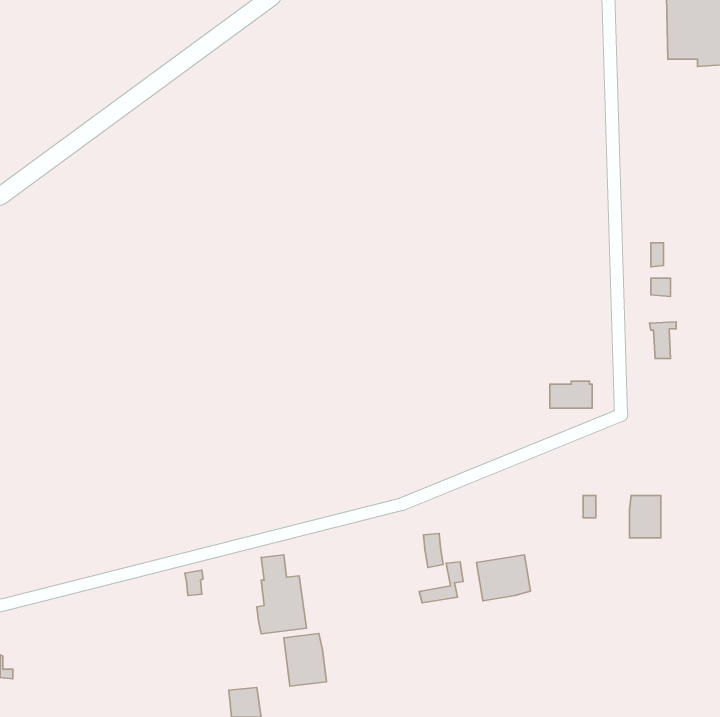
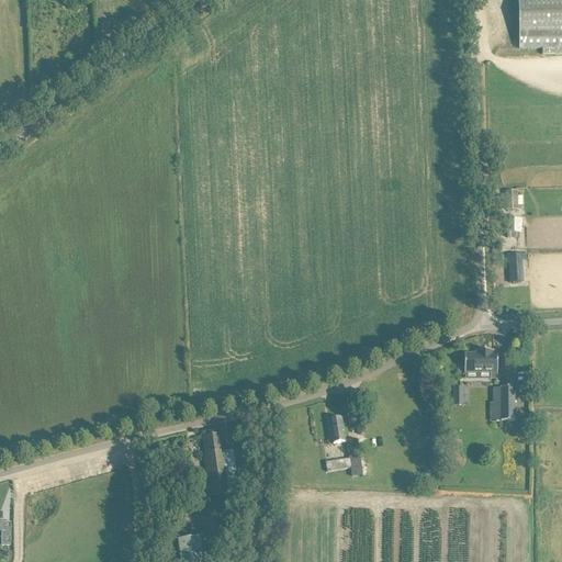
building: [550,381,592,408] -> [459,349,492,370]
building: [477,555,530,601] -> none
building: [284,633,327,686] -> none

